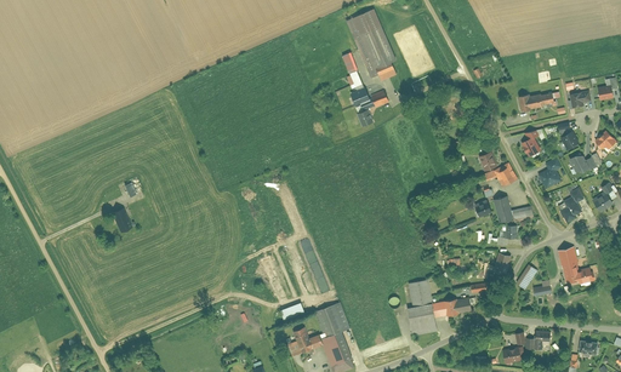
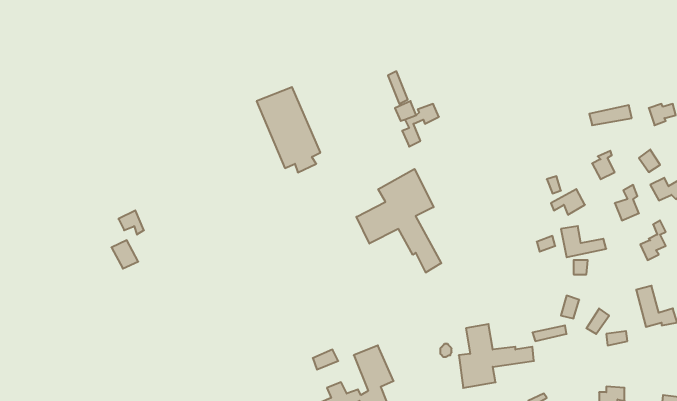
building: [346,10,400,82] -> [257,87,320,172]
building: none -> [356,169,441,273]

